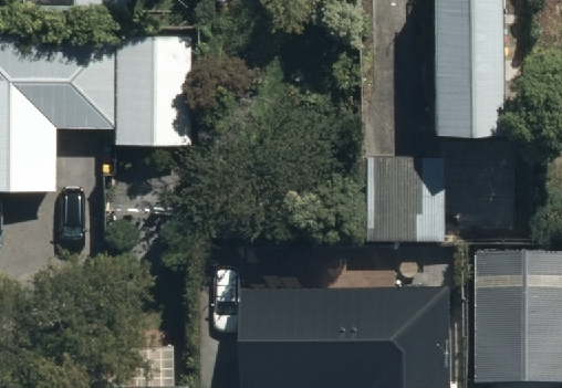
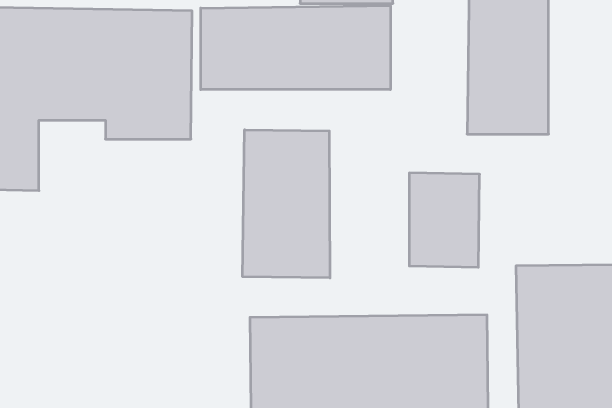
building: none -> [201,6,390,90]
building: none -> [243,130,330,278]

